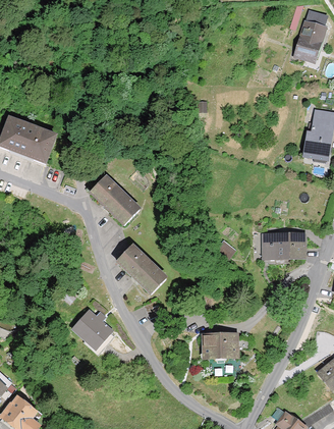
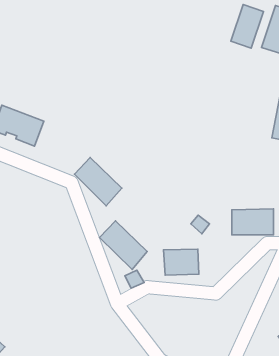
building: none -> [231,4,263,48]
building: [69,307,116,352] -> none
building: [201,332,239,361] -> [163,249,199,275]

